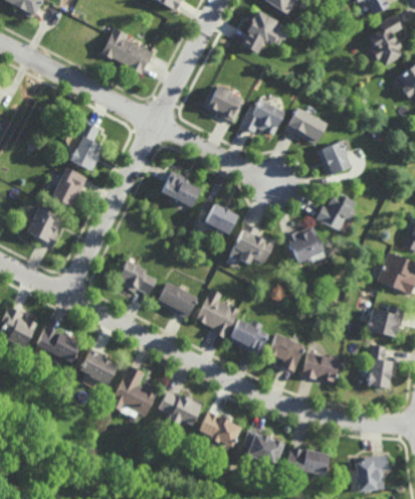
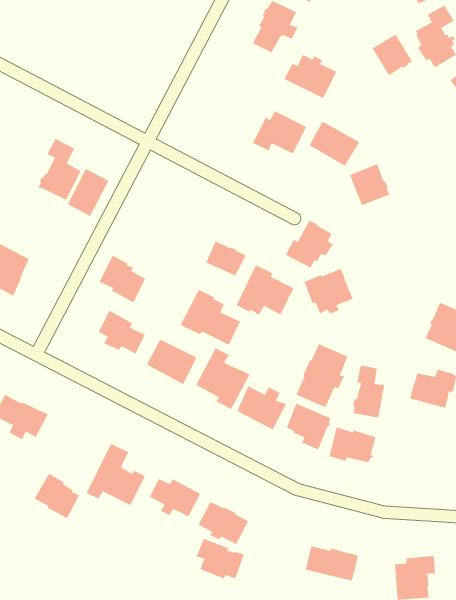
building: [102,27,154,74] -> none
building: none -> [371,33,413,76]
building: [203,87,246,123] -> [283,54,337,99]
building: [53,168,87,207] -> [67,168,110,217]
building: [162,171,200,210] -> [98,254,146,304]
building: [317,191,356,230] -> [285,220,334,269]
building: none -> [180,289,241,346]
building: none -> [296,343,349,408]
building: [367,345,393,388] -> [352,364,385,419]
building: [78,347,116,384] -> [34,472,80,519]
building: [242,430,281,463] -> [196,538,245,579]

